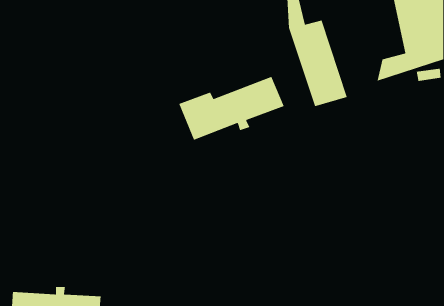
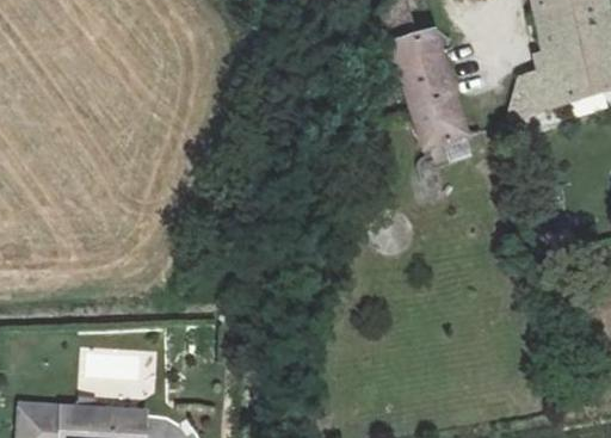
building: [178,76,285,141] -> none

